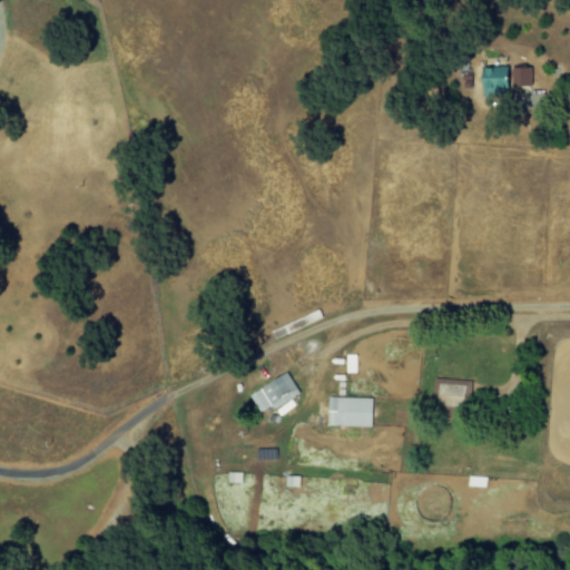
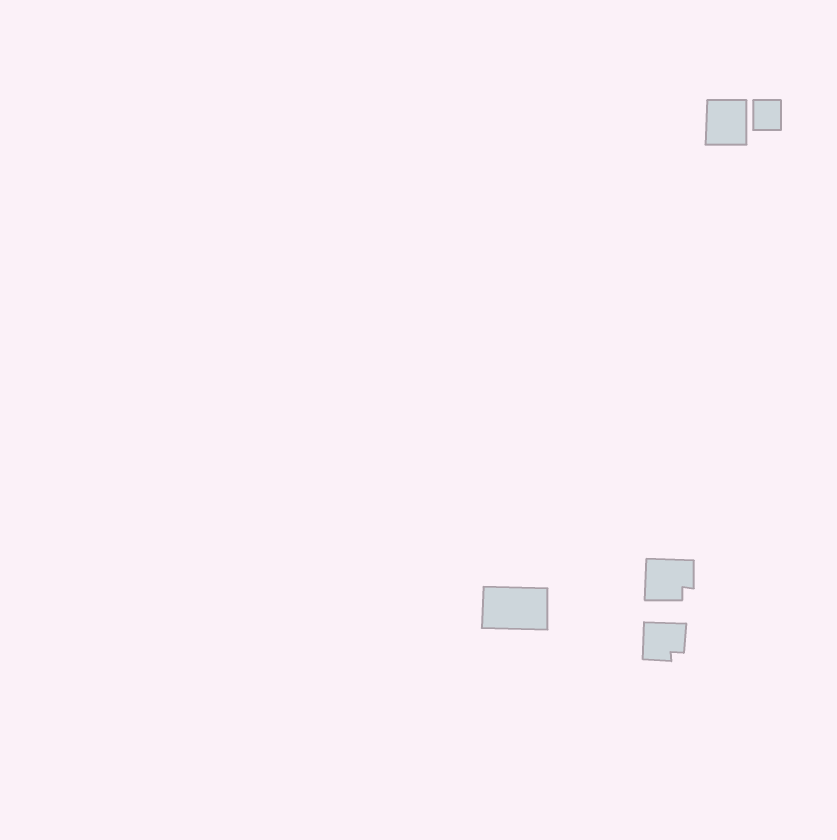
building: [249,373,299,414] -> none
building: none -> [643,622,686,661]

